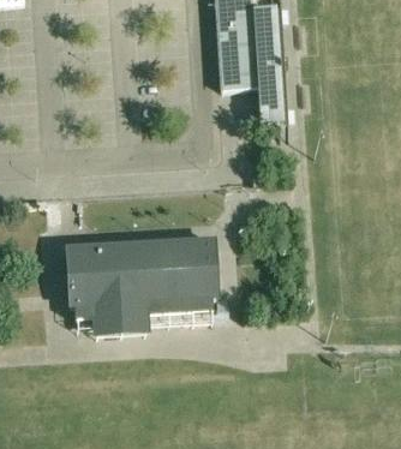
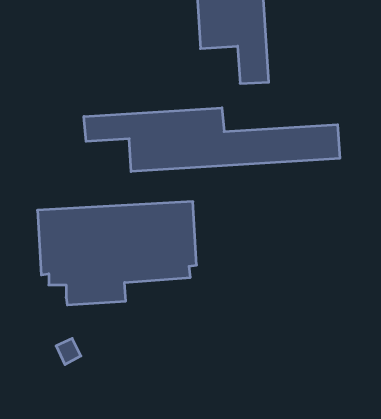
building: none -> [84,108,340,172]

